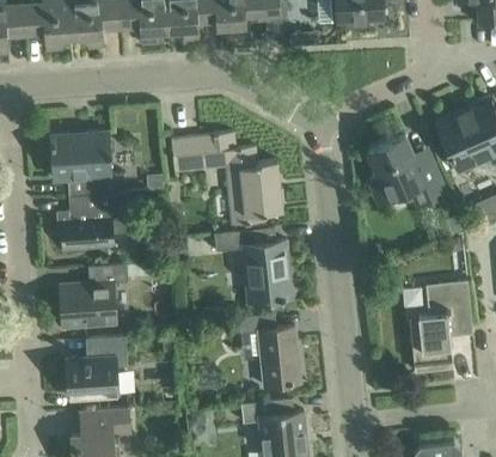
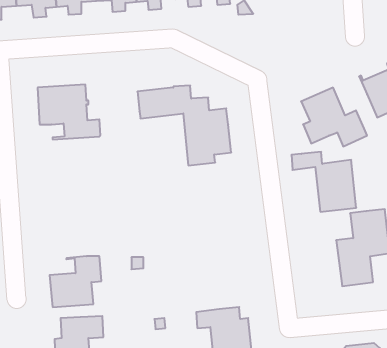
building: [60,193,128,250] -> none
building: [214,230,292,301] -> [291,152,356,212]
building: [61,262,172,325] -> none
building: [229,313,301,386] -> none

